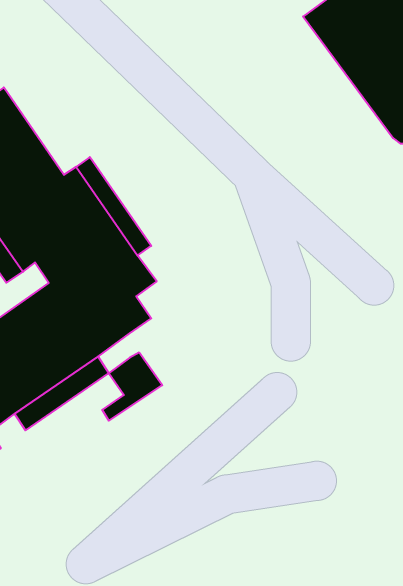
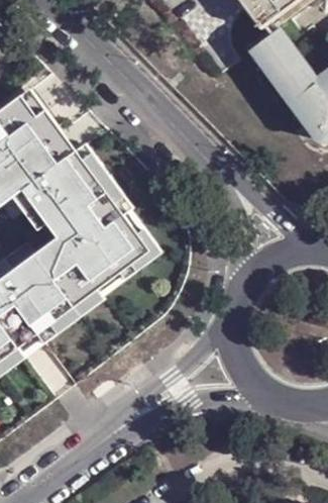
building: [102,353,162,421] -> [113,236,157,287]

